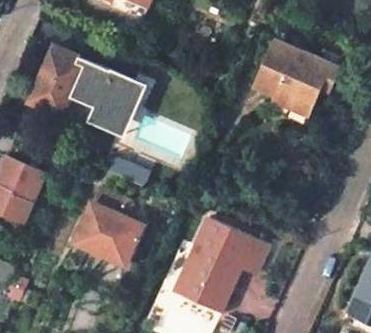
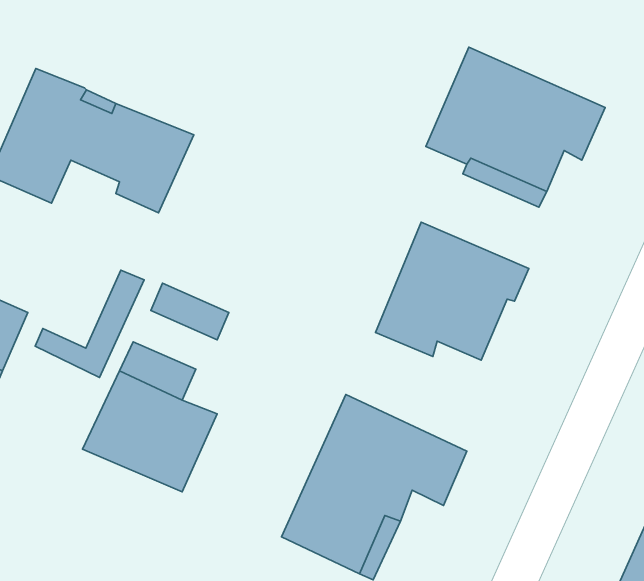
building: [86,82,142,137] -> [35,270,144,377]
building: none -> [375,222,529,360]

